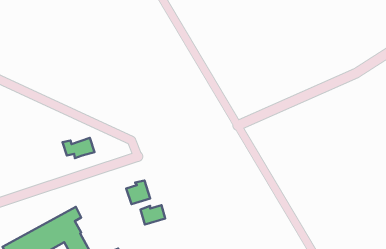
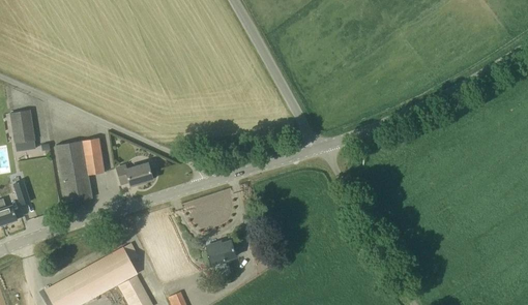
building: none -> [55,138,104,203]
building: [126,180,150,204] -> none

